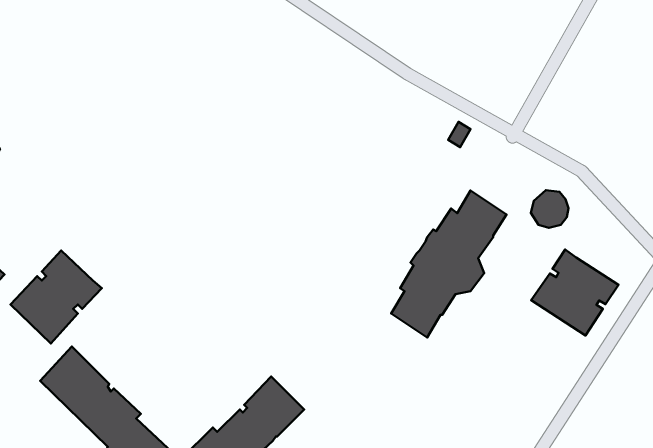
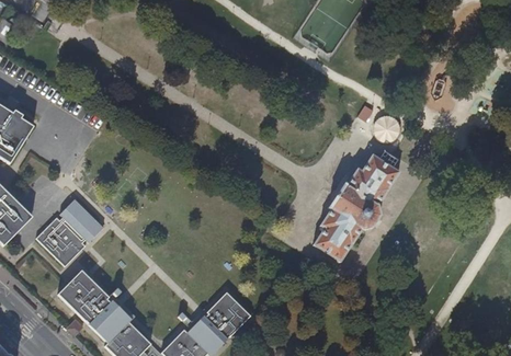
building: [531,190,568,228] -> [371,116,398,143]
building: [531,250,618,336] -> none

